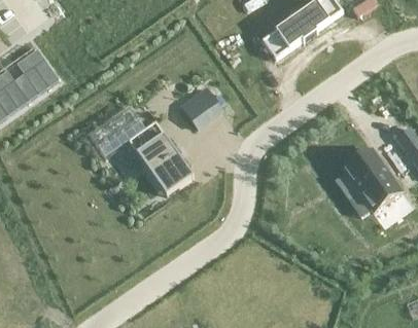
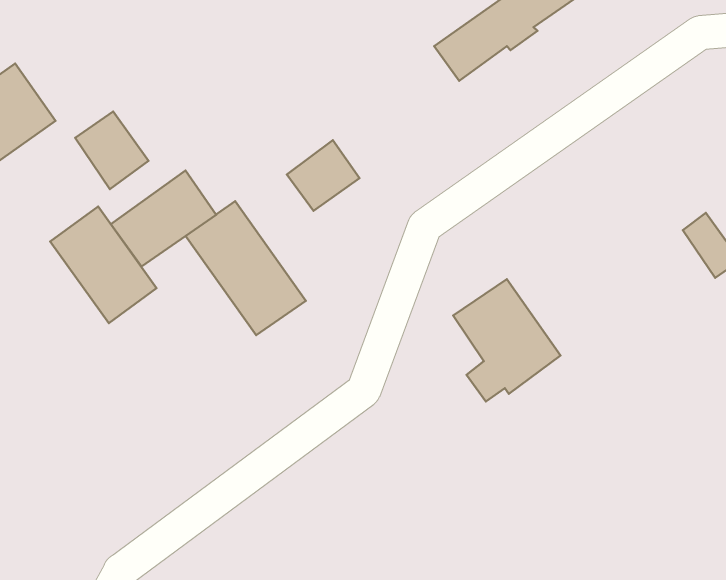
building: none -> [75,112,149,189]
building: none -> [50,206,157,323]
building: [342,148,399,214] -> [453,279,560,402]

